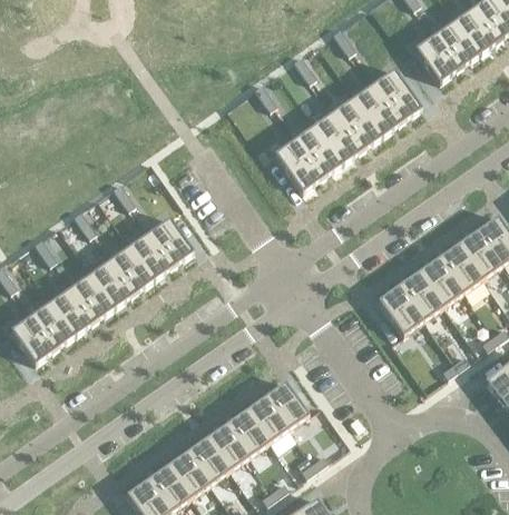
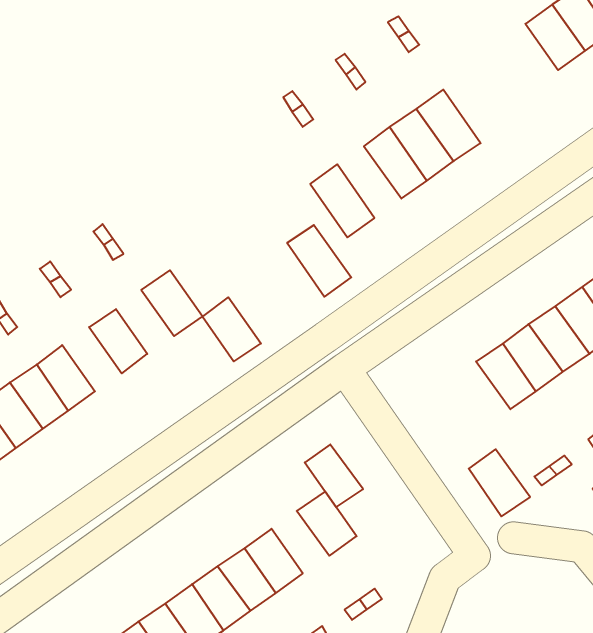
building: [413,34,458,83] -> none
building: [372,69,420,123] -> none
building: [293,126,341,179] -> [287,225,351,297]
building: [128,232,172,280] -> [203,297,261,361]
building: [88,260,133,308] -> none
building: [376,286,422,336] -> [469,449,530,516]
building: [244,397,287,444] -> [305,444,363,507]

